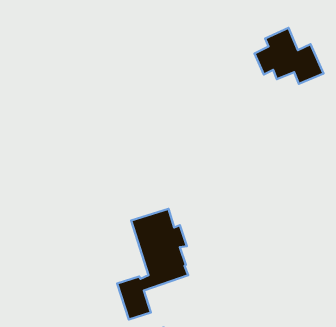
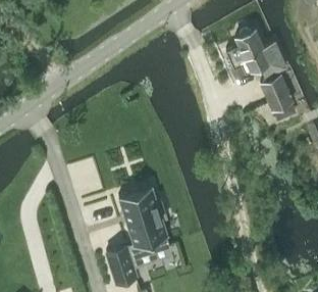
building: none -> [261,77,294,112]

